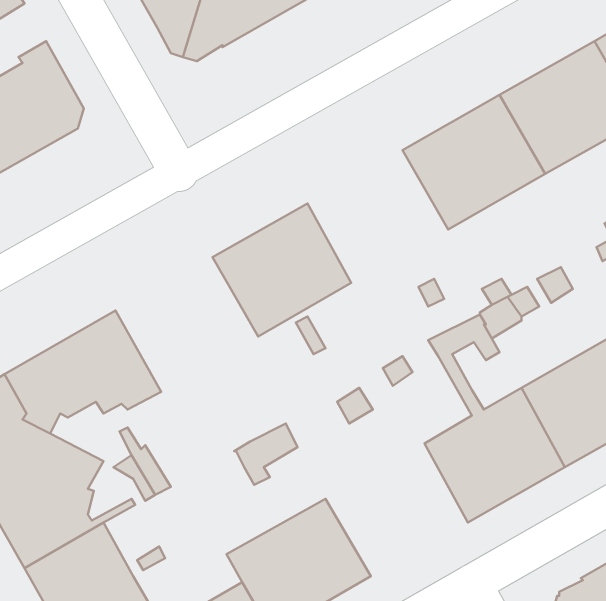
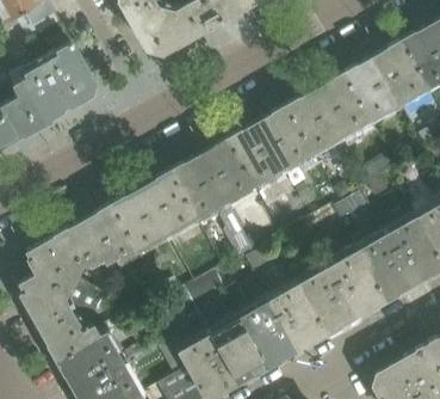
building: none -> [228,108,317,201]
building: none -> [112,172,198,253]
building: none -> [224,284,324,364]

